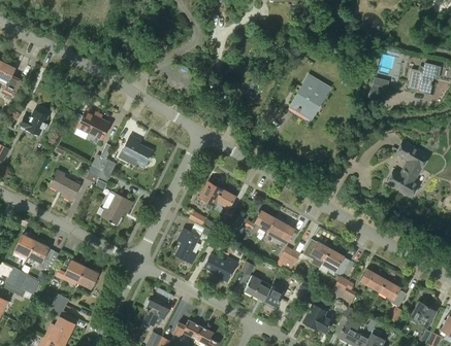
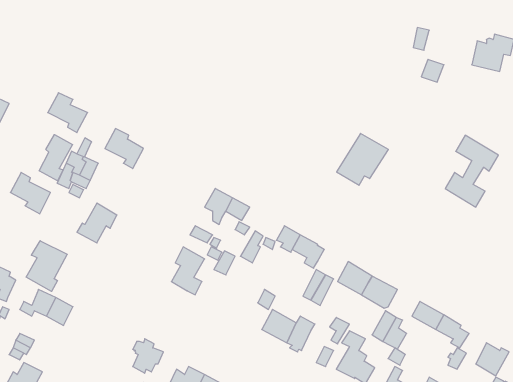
building: [290,75,330,115] -> [337,133,388,185]
building: none -> [39,135,73,181]
building: none -> [26,241,67,291]
building: [204,254,237,282] -> none

